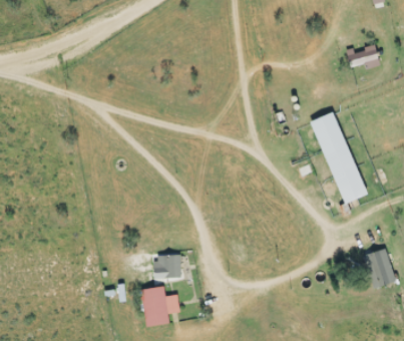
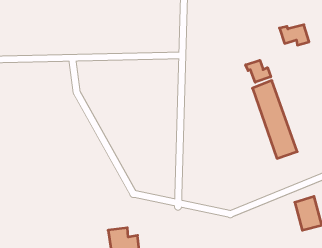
building: none -> [246,60,271,82]
building: [153,254,180,279] -> none

